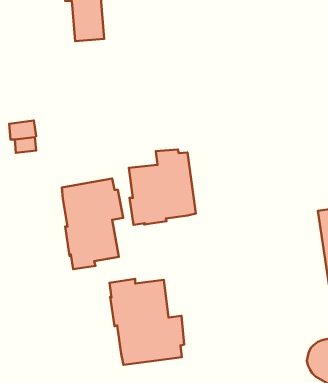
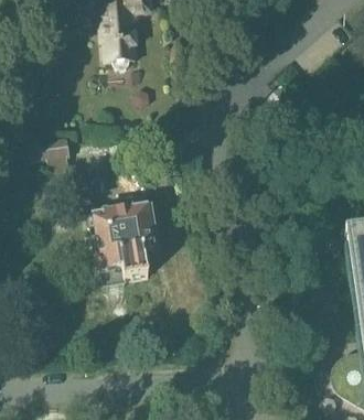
building: [129,149,196,225] -> none
building: [109,279,184,365] -> none

